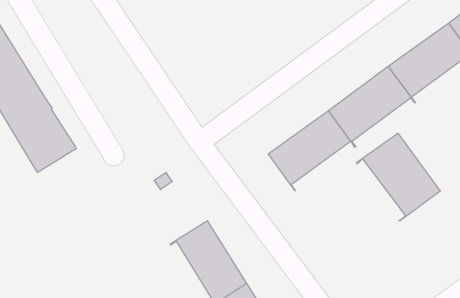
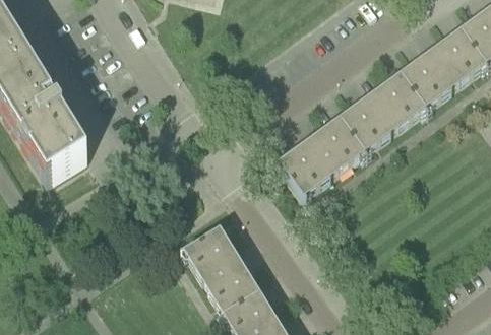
building: [357,133,440,221] -> none

